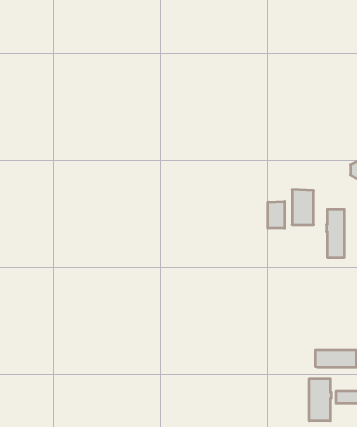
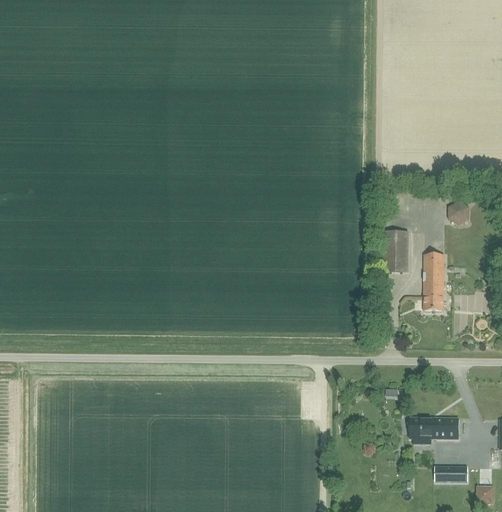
building: [268,201,285,228] -> none
building: [309,379,331,421] -> none

